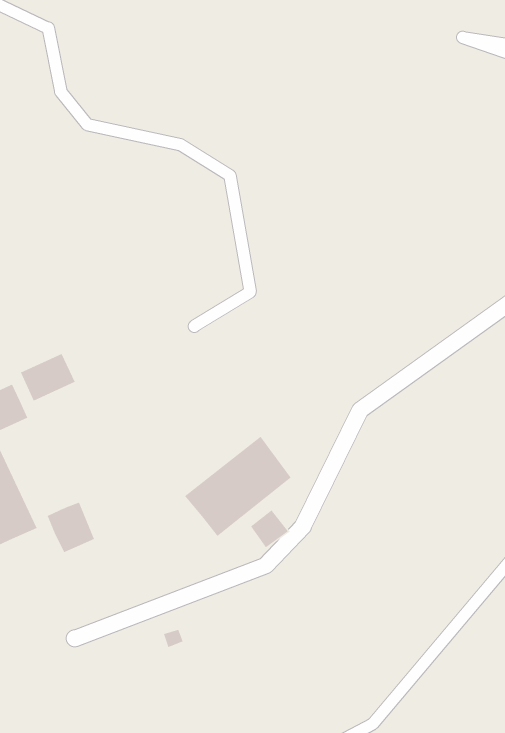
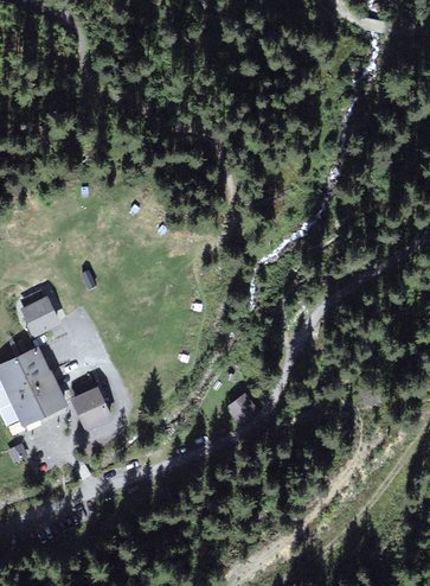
building: [20,353,75,401] -> none
building: [184,436,292,537] -> none

